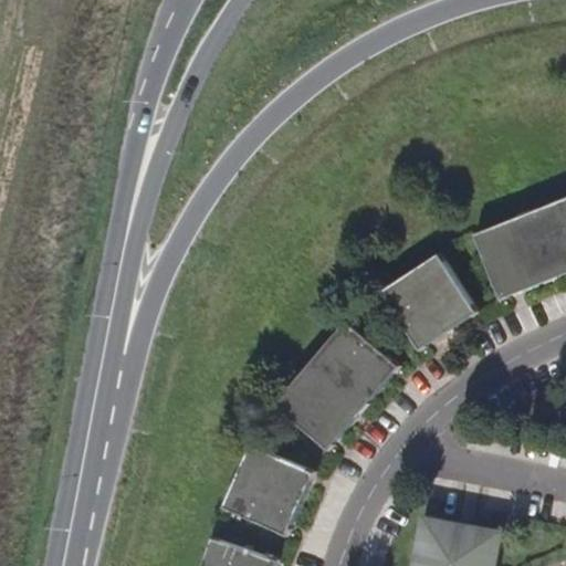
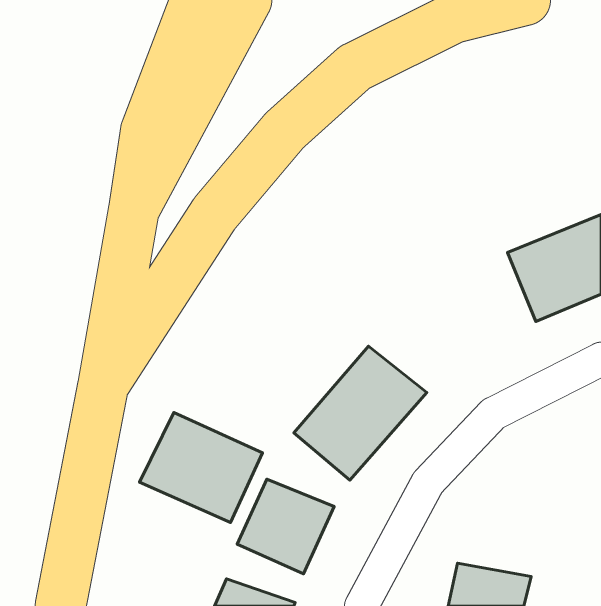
building: [379,254,476,349] -> none
building: none -> [139,413,263,522]

